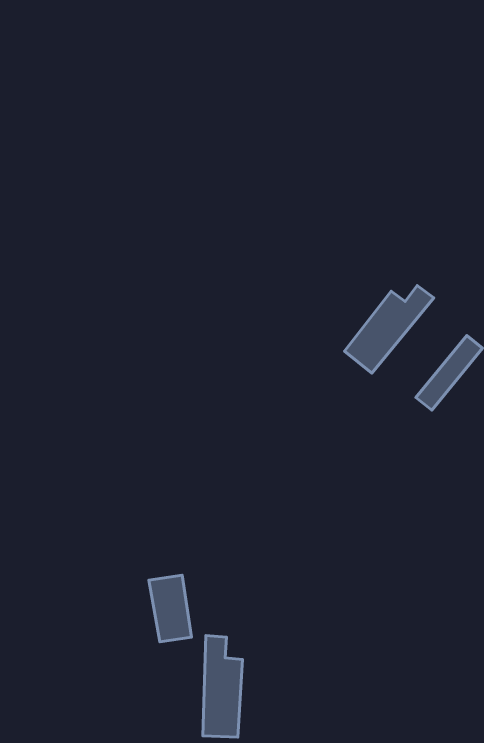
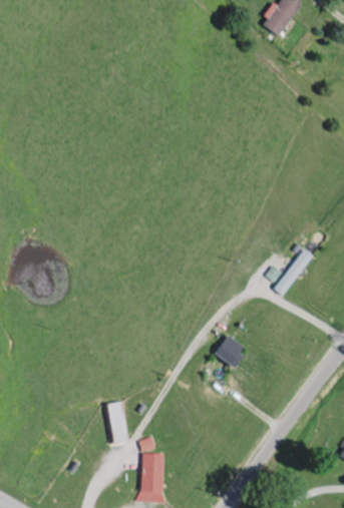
building: [345,285,434,373] -> none
building: none -> [214,334,246,366]

